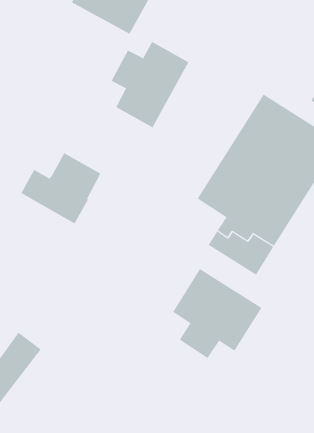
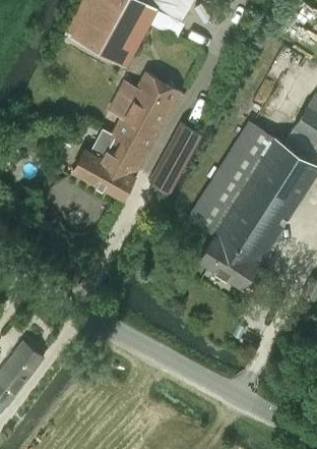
building: none -> [149,123,201,191]
building: [21,153,101,224] -> [72,133,146,200]
building: [172,268,262,359] -> none

